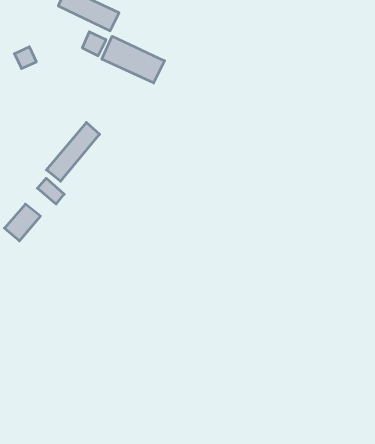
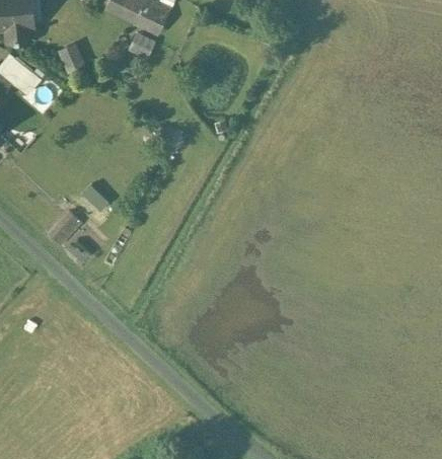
building: [102,36,165,83] -> none
building: [46,122,100,181] -> none

